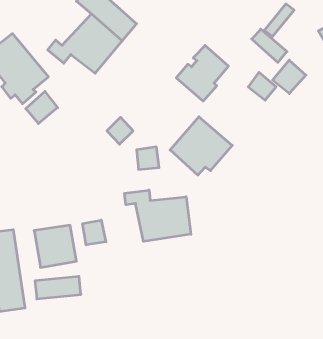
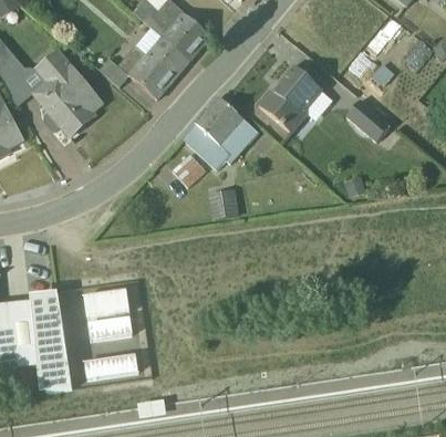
building: [273,60,306,94] -> none
building: [26,91,58,124] -> none
building: [170,117,232,175] -> [183,97,259,169]
building: [125,190,191,241] -> none
building: [83,220,106,245] -> none

